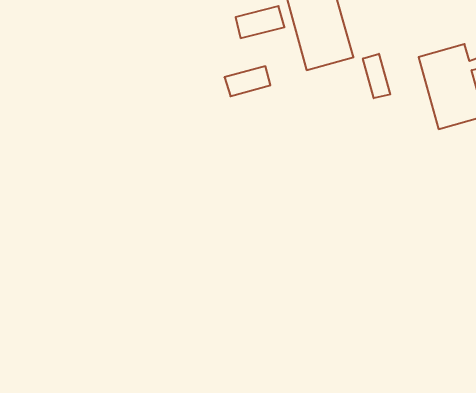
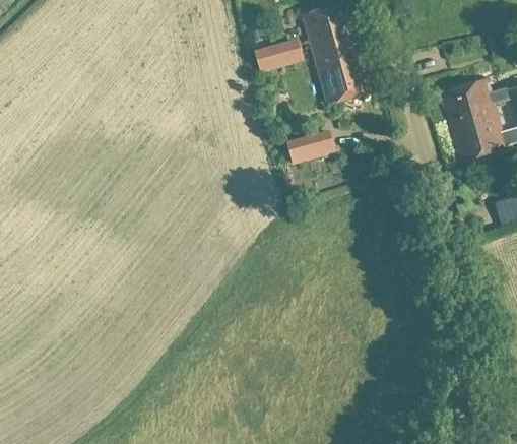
building: [363,54,390,98] -> none
building: [224,66,270,96] -> [287,132,334,163]

